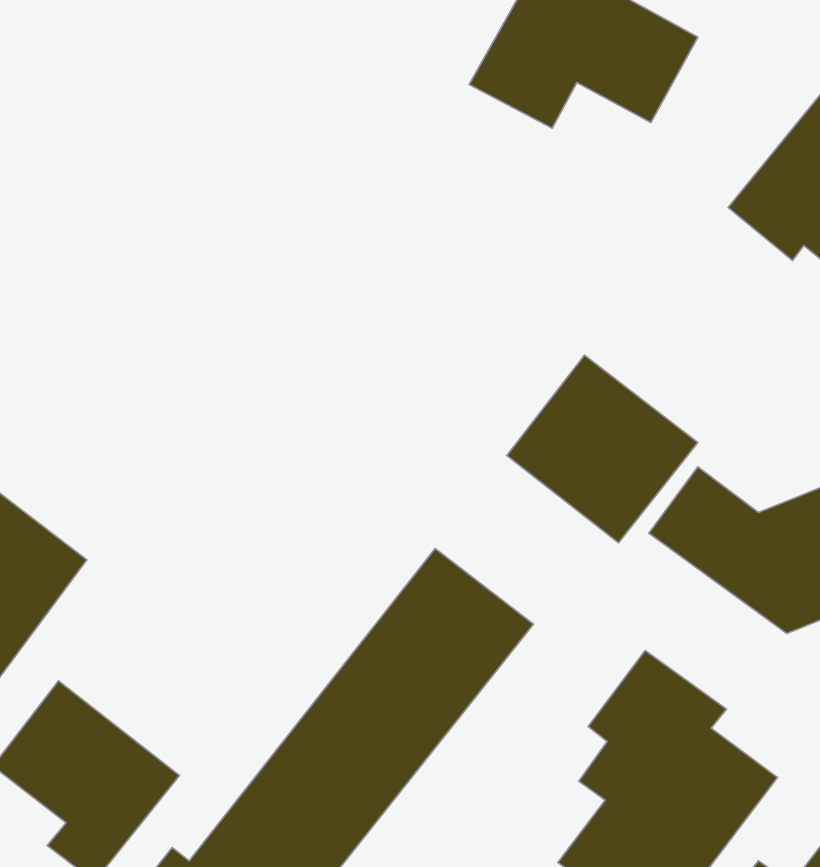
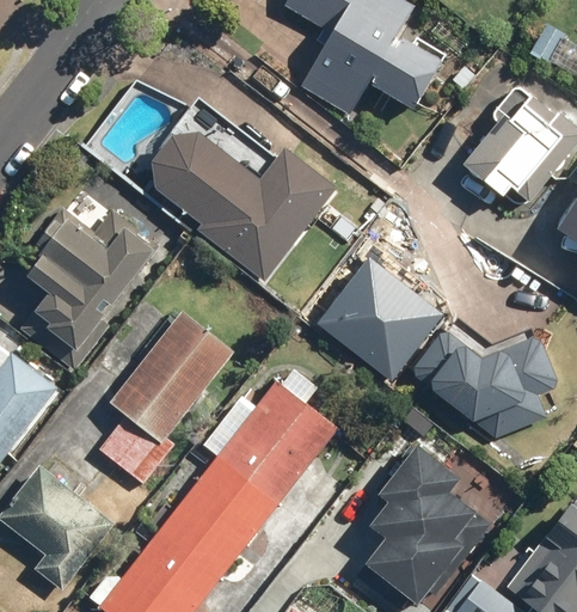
building: none -> [151,133,337,283]
building: none -> [18,207,161,372]
building: none -> [99,308,235,483]

